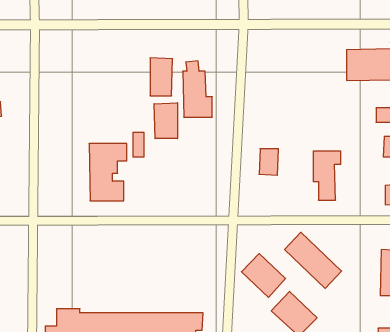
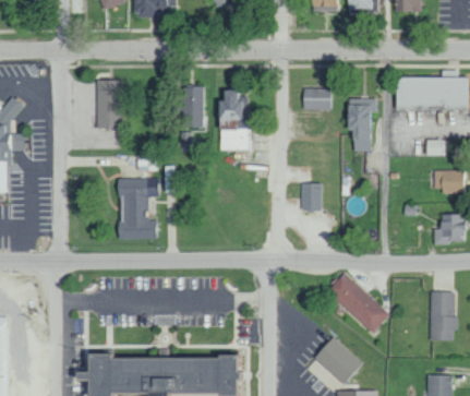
building: none -> [96,80,123,128]
building: none -> [303,88,329,109]
building: [154,103,177,139] -> none
building: [313,151,341,200] -> [346,98,375,151]
building: [241,254,286,297] -> none

